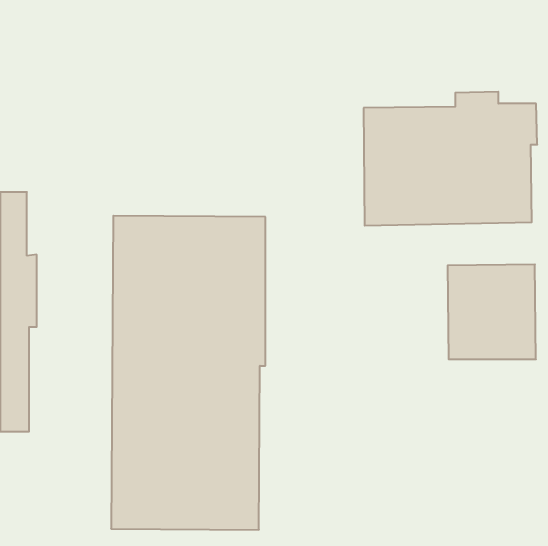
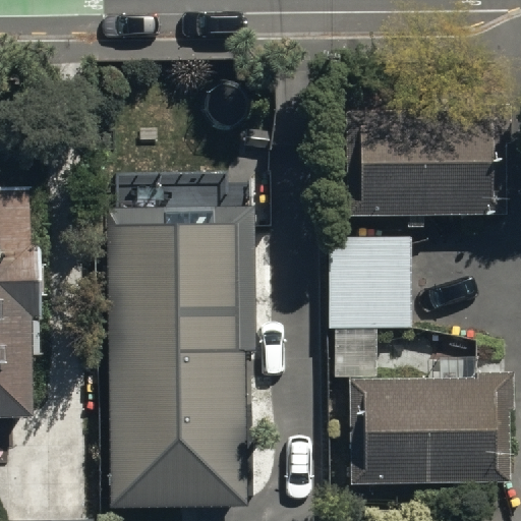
building: [448,264,536,359] -> [330,238,413,328]
building: none -> [347,373,507,487]

